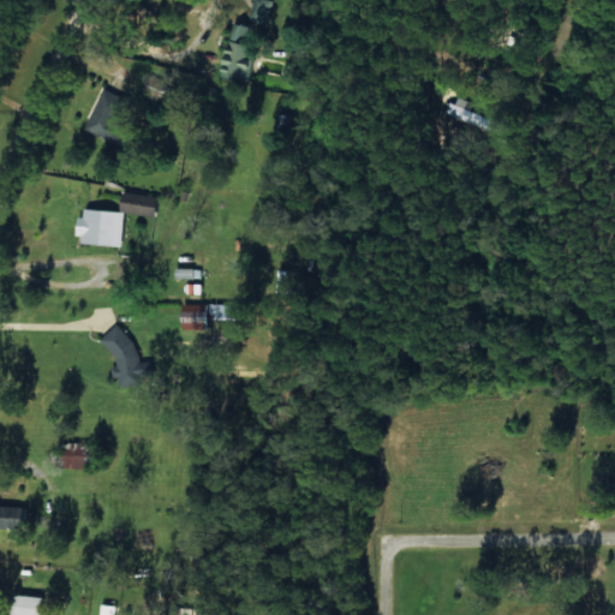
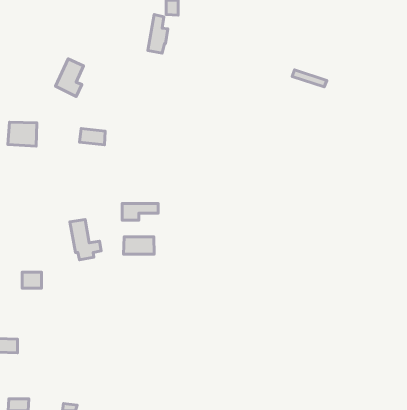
building: [78,210,121,246] -> [8,122,37,146]
building: none -> [123,237,154,254]
building: [60,444,89,468] -> [22,272,41,288]

